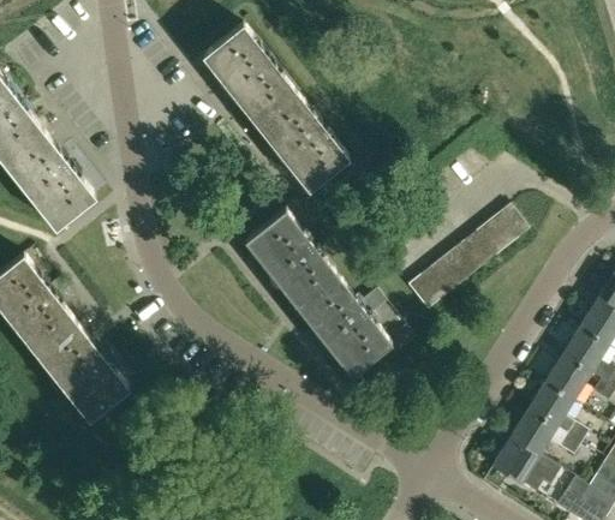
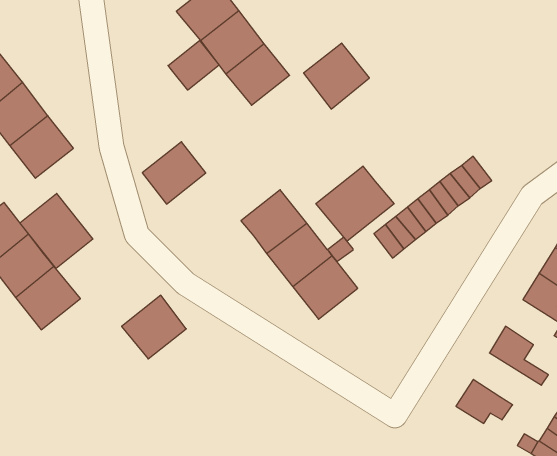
building: none -> [168,40,219,90]
building: [280,122,348,191] -> [304,43,369,109]
building: [244,209,310,274] -> [142,142,206,204]
building: none -> [316,166,394,241]
building: none -> [20,193,93,268]
building: [61,354,129,420] -> [122,295,186,359]
building: [544,355,591,402] -> none
building: [510,411,581,458] -> none

